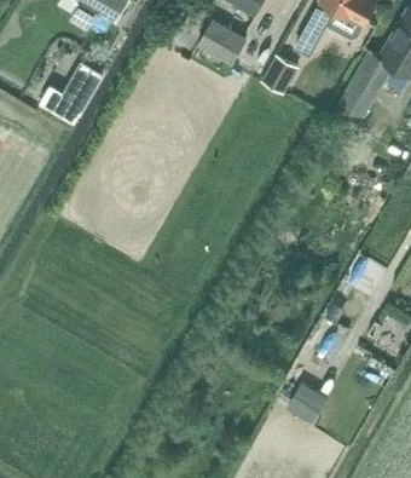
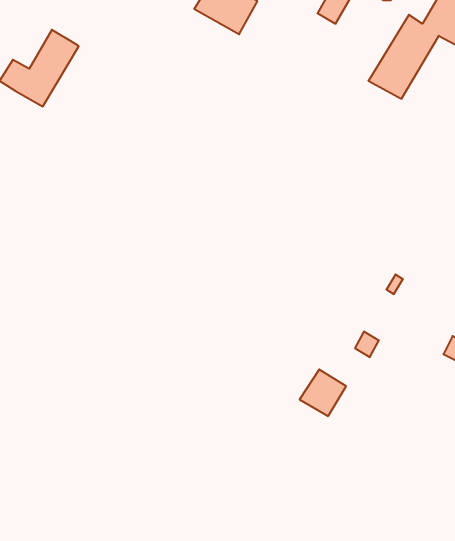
building: [260,56,297,94] -> none
building: [285,387,323,425] -> [300,369,346,416]

